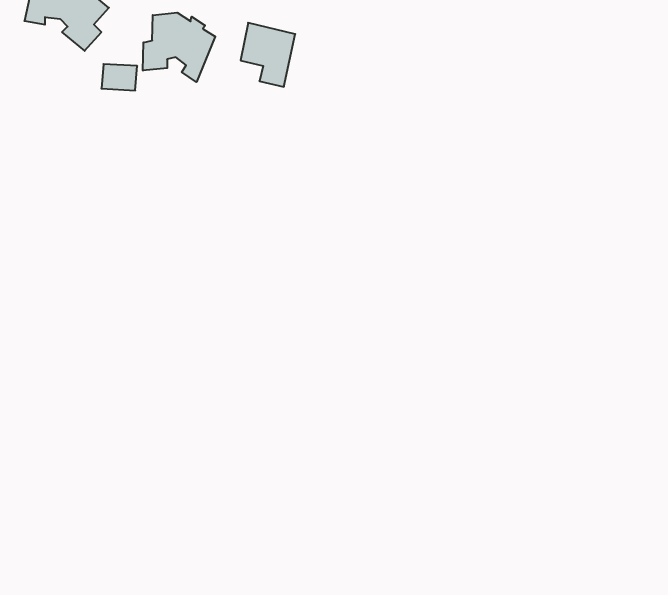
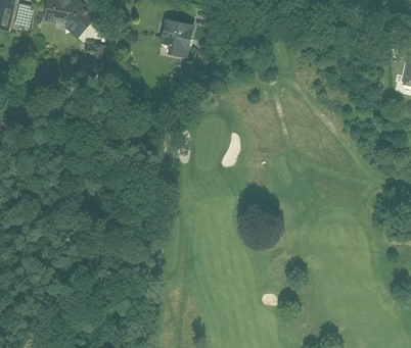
building: [143,13,215,82] -> none

